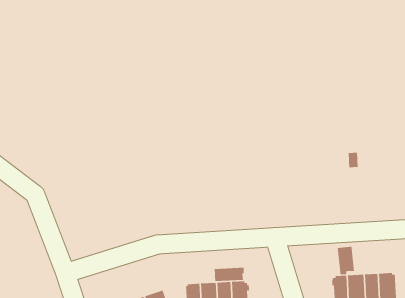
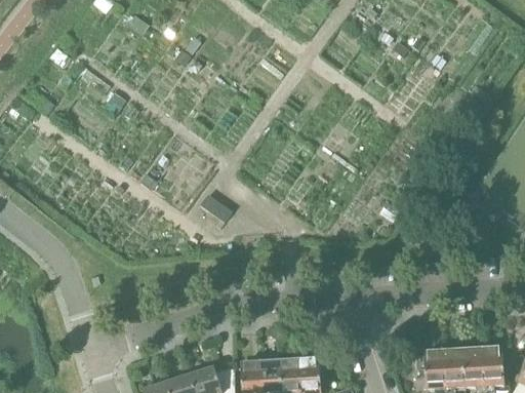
building: none -> [200,194,232,228]
building: [337,246,355,275] -> none
building: [214,267,245,282] -> none

